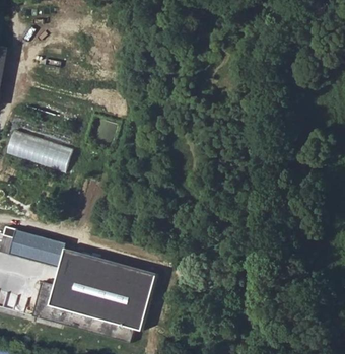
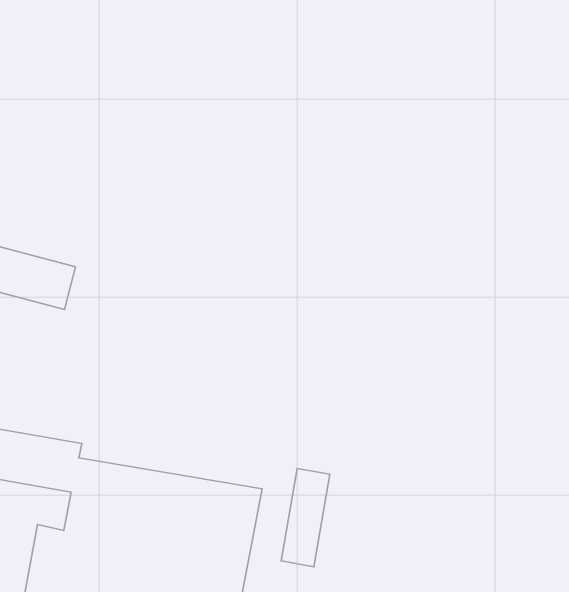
building: none -> [281,468,330,567]

